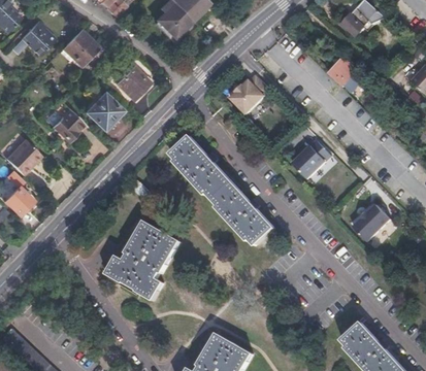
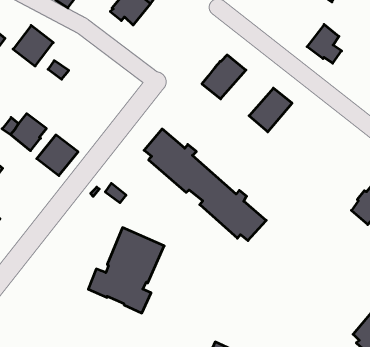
building: [114,66,149,100] -> none
building: [84,93,122,130] -> [37,135,78,176]
building: [295,136,335,175] -> [249,88,292,132]

